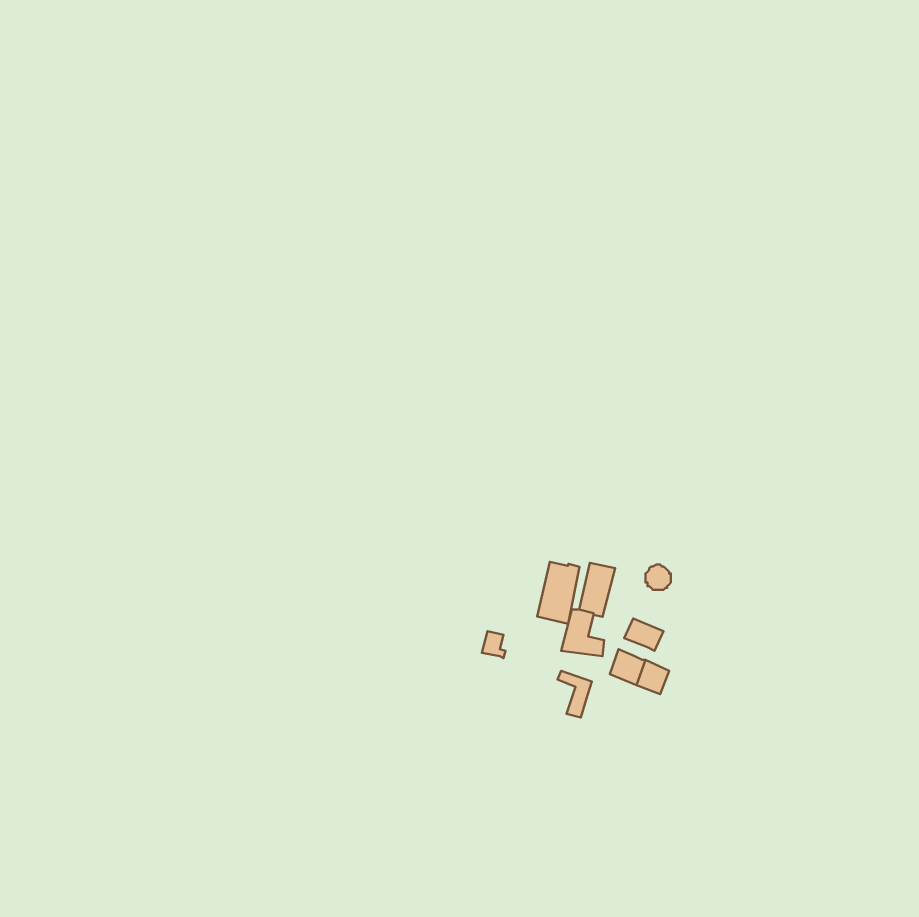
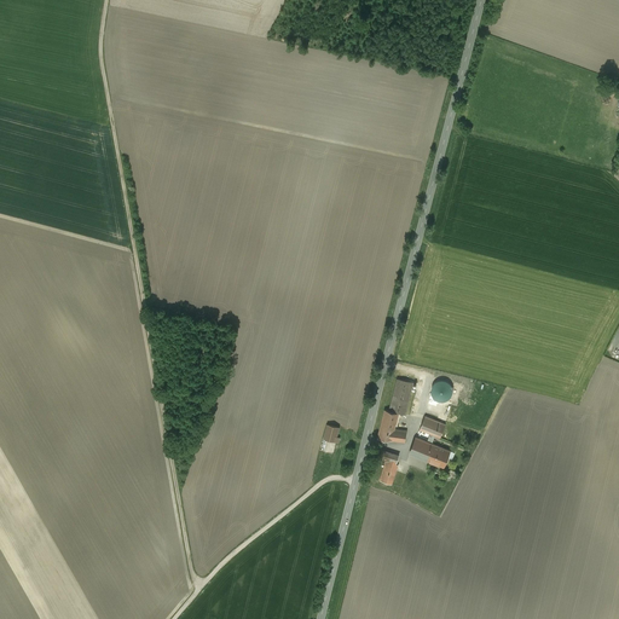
building: [537,562,580,624] -> none

